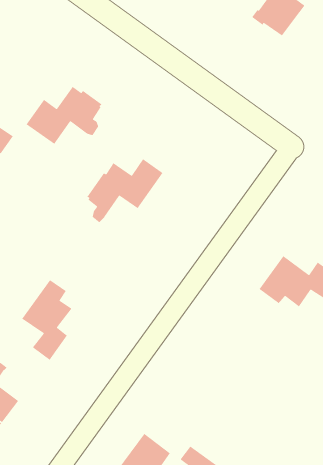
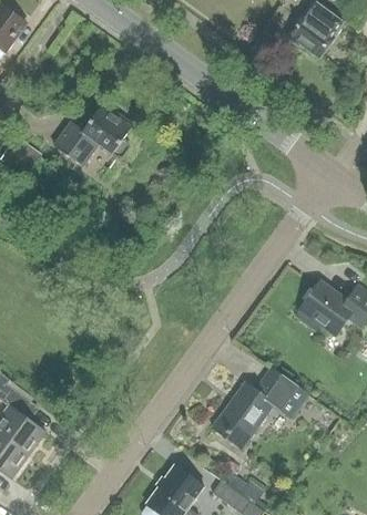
building: [86,158,164,223] -> none
building: [21,279,72,361] -> none
building: none -> [213,368,307,447]

